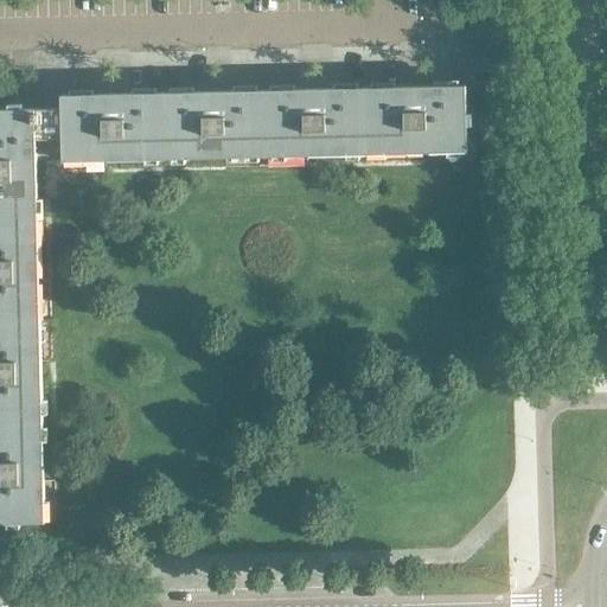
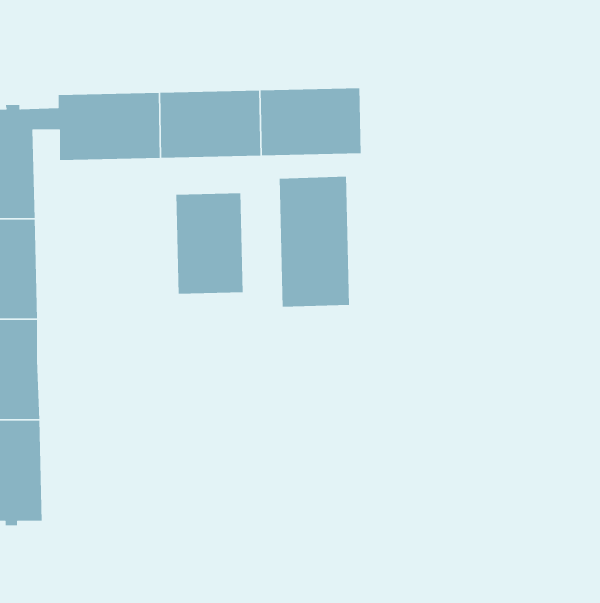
building: [362,87,469,155] -> none
building: none -> [279,176,350,308]
building: none -> [176,192,243,295]

